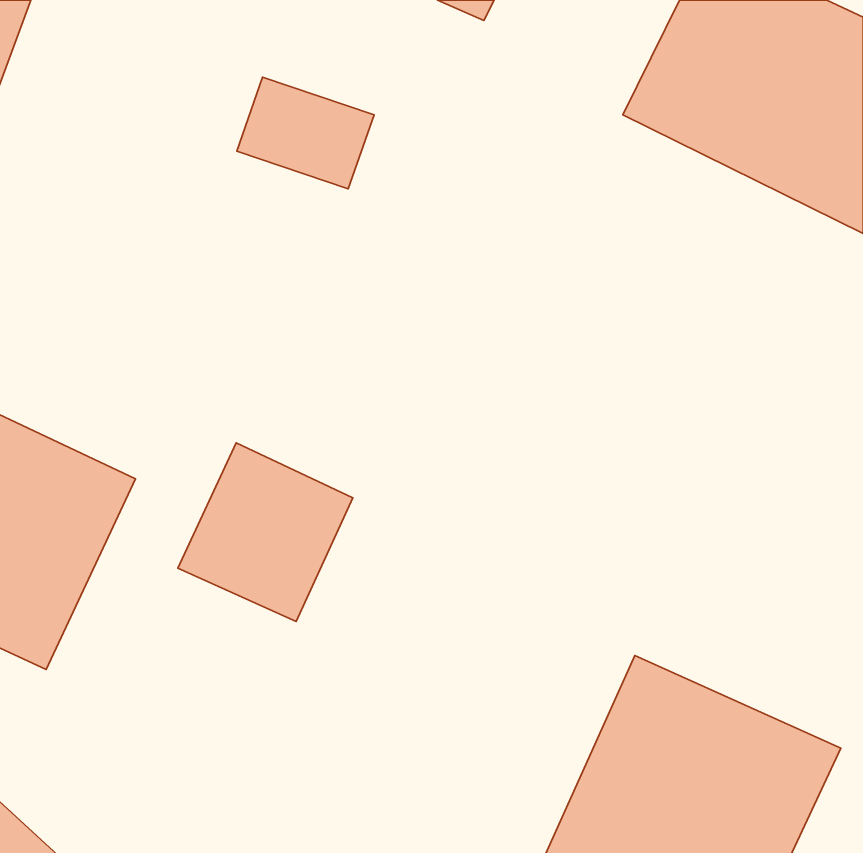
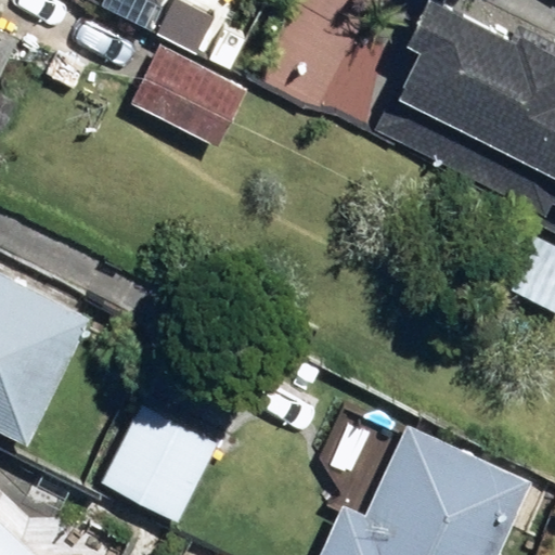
building: [178,443,353,621] -> [107,410,218,522]

